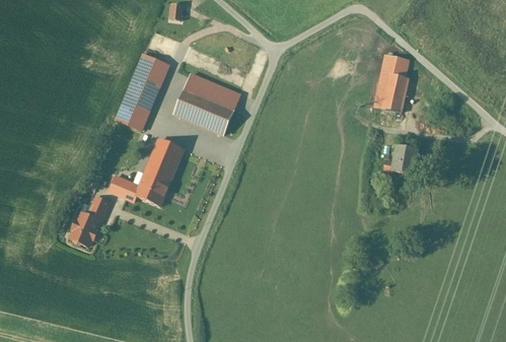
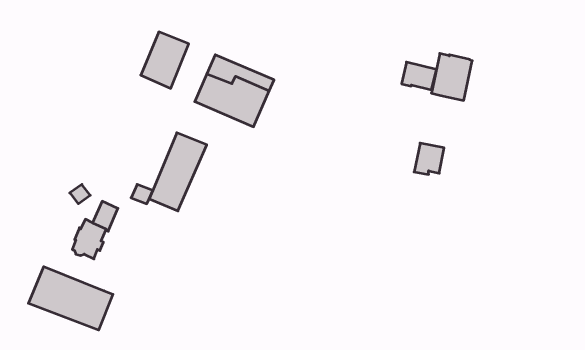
building: [380,54,410,77] -> [402,62,436,90]
building: [116,90,153,130] -> none
building: [391,146,417,173] -> [414,143,444,174]
building: none -> [28,267,113,330]

